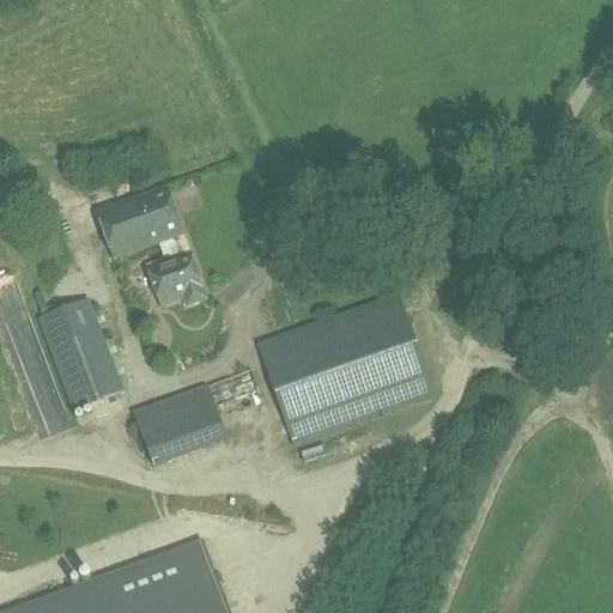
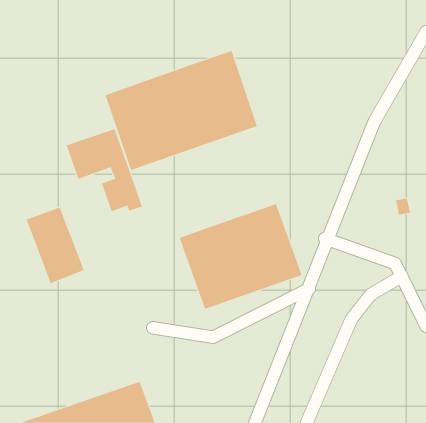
building: none -> [105,50,258,171]
building: [132,365,259,465] -> none

